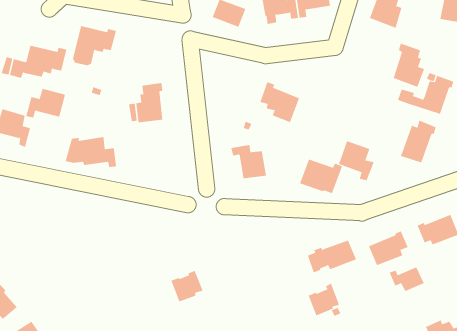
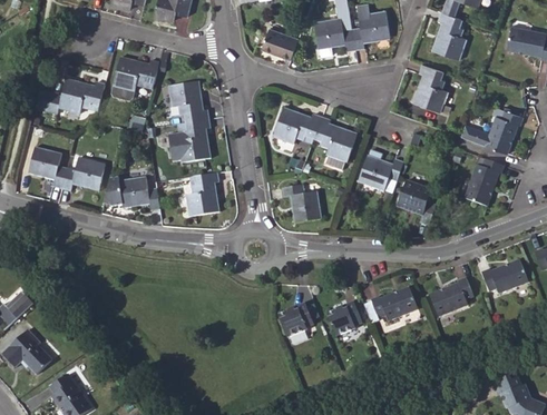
building: [393,43,425,88] -> [413,63,448,111]
building: none -> [170,81,208,121]
building: none -> [273,108,321,144]
building: [26,88,66,118] -> [61,158,105,190]
building: none -> [188,172,218,215]
building: [299,159,343,194] -> [358,155,404,192]
building: [389,267,425,292] -> none
building: [170,270,204,302] -> [279,302,314,336]
building: [308,283,340,316] -> [328,299,362,335]

